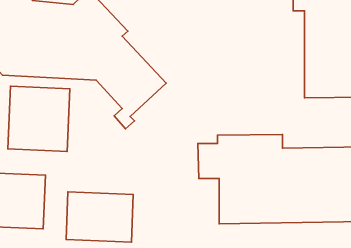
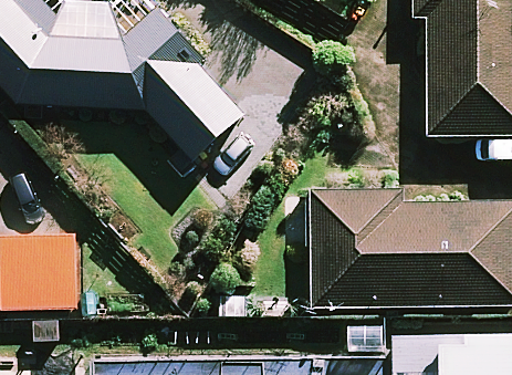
building: [8,86,70,151] -> none
building: [66,192,133,242] -> none

